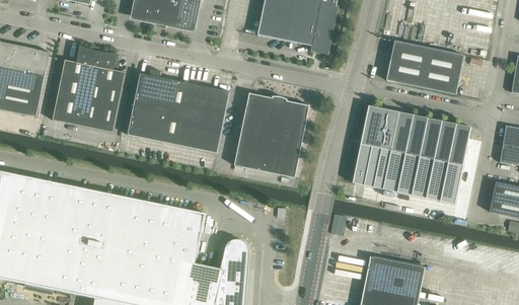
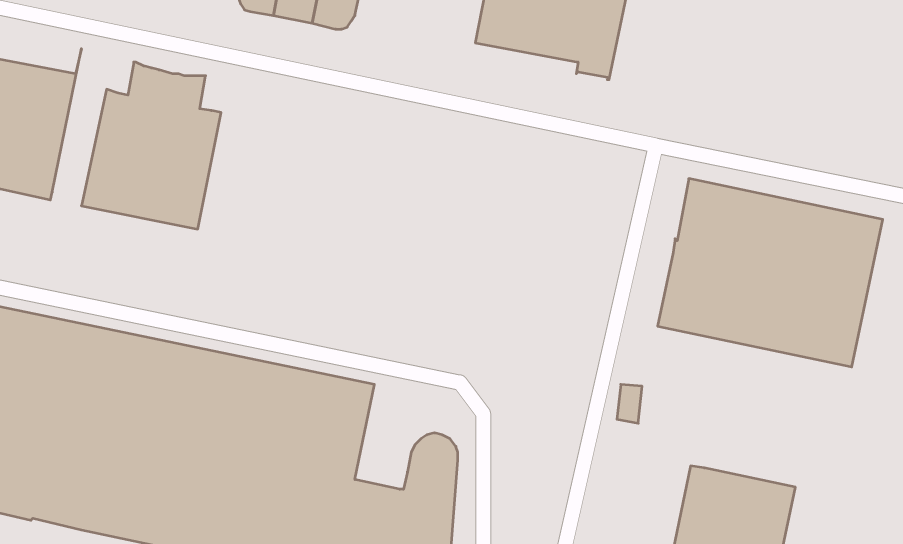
building: [385,40,462,94] -> none
building: [126,69,228,152] -> none
building: [233,92,308,177] -> none

